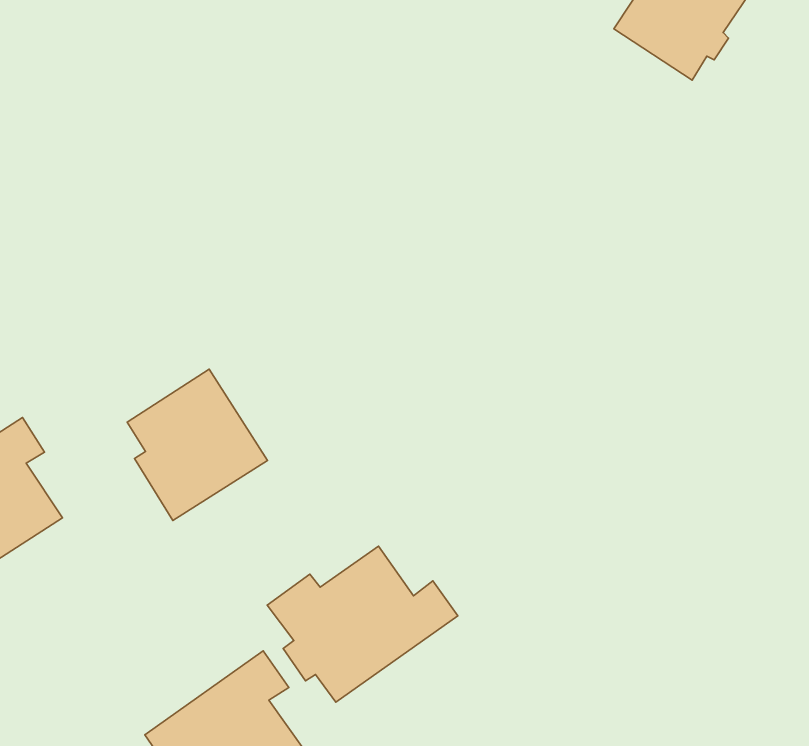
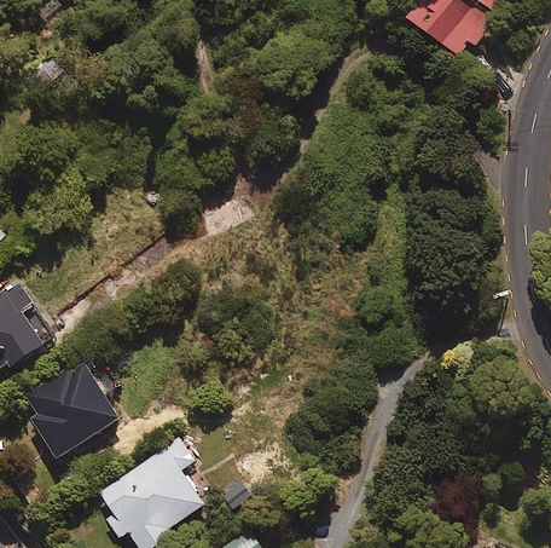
building: [127,369,268,521] -> [28,360,121,461]
building: [267,546,458,702] -> none

